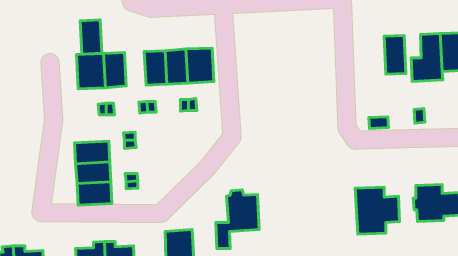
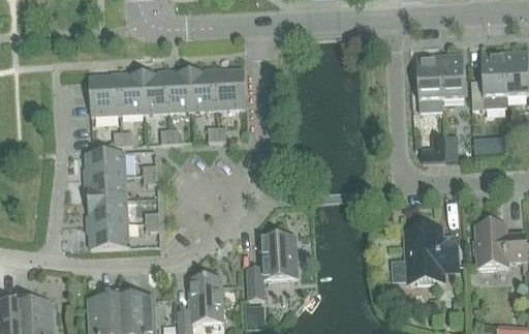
building: [80,20,102,54] -> [144,72,168,112]
building: none -> [417,55,442,112]
building: none -> [86,150,126,177]

